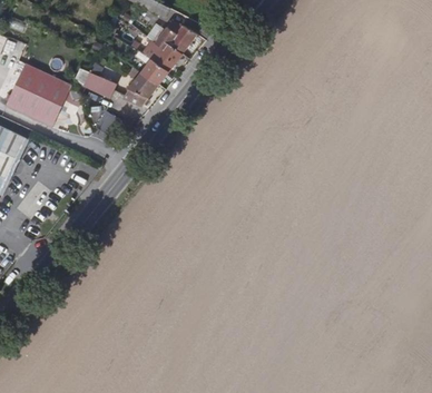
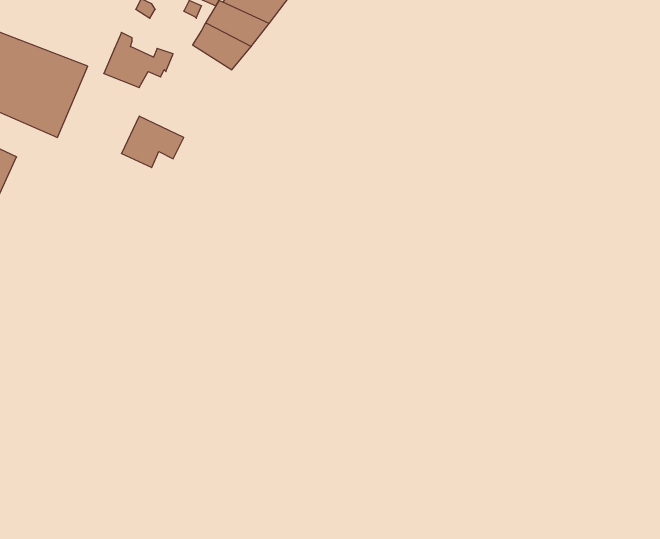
building: [121,68,161,104] -> none

